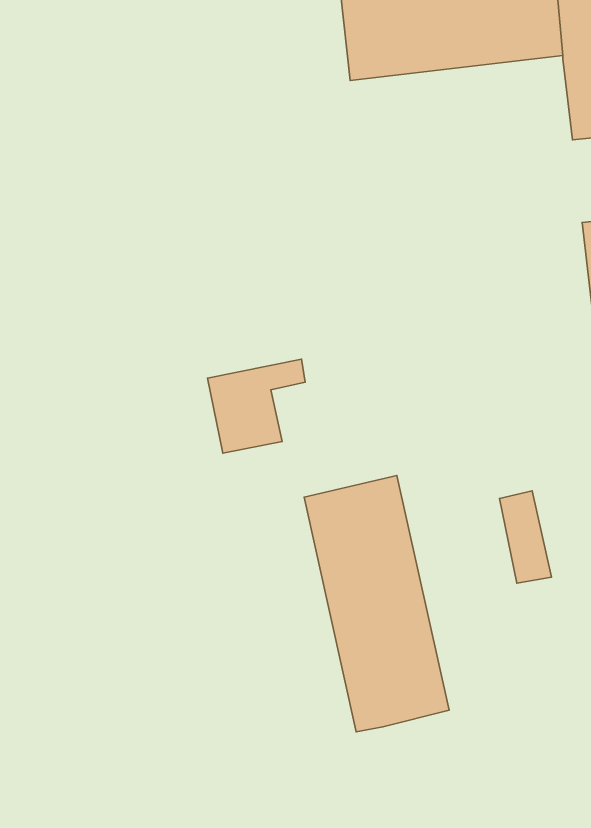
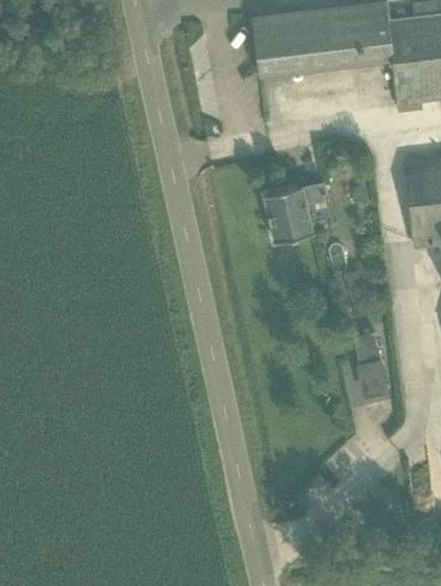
building: [207,359,305,453] -> [265,183,327,243]
building: [304,475,449,732] -> none

